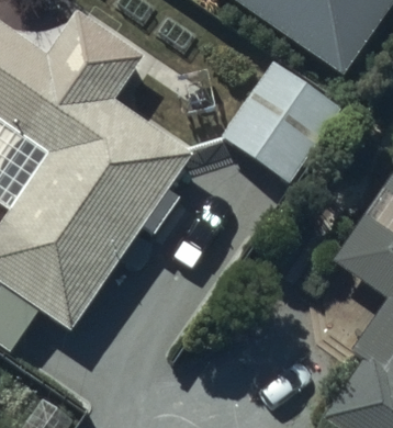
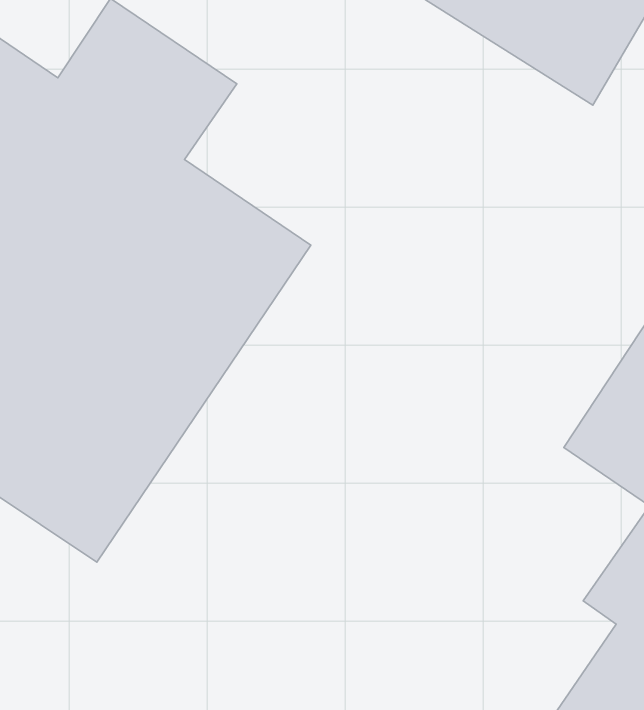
building: [223,63,341,182] -> none

